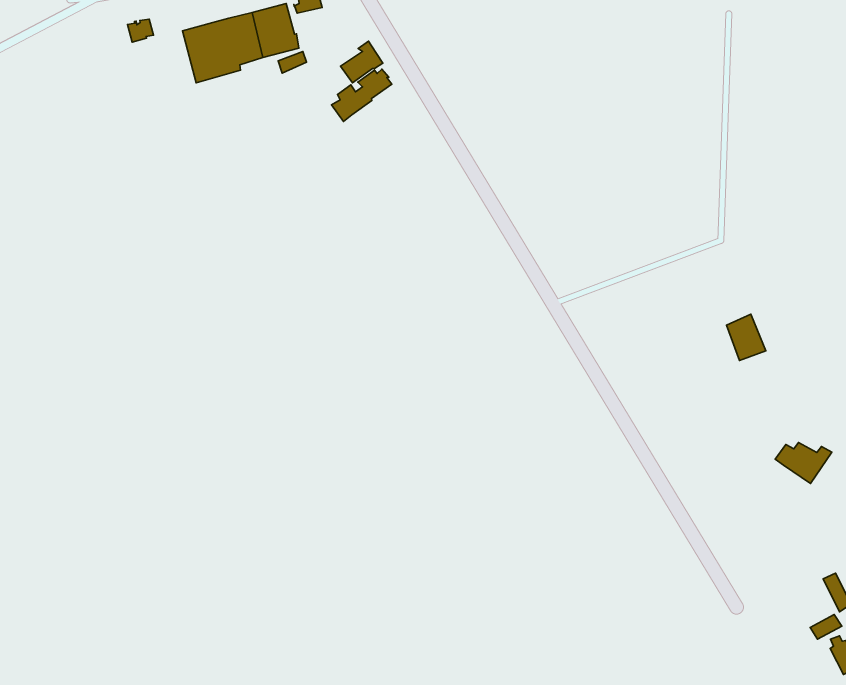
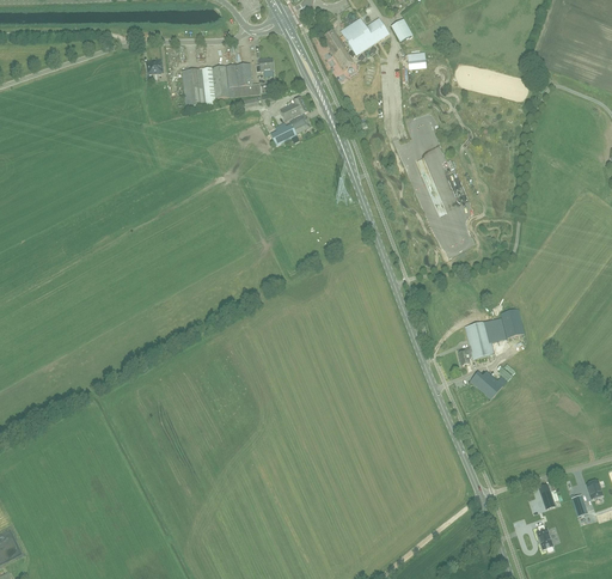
building: none -> [458,319,500,365]
building: [775,442,832,483] -> [470,371,507,398]

